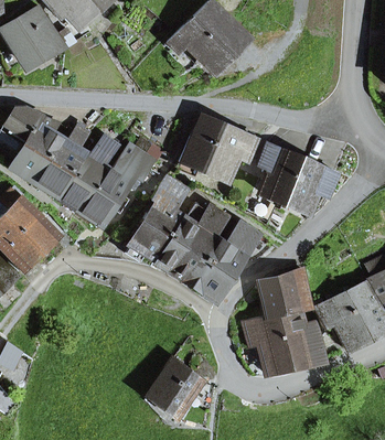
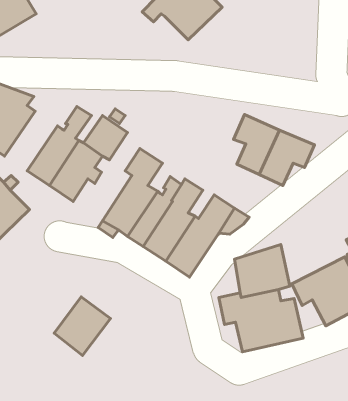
building: [180,114,257,181] -> none
building: [33,125,88,197] -> none
building: [148,358,203,416] -> [54,297,111,356]

